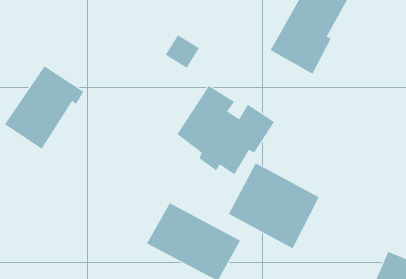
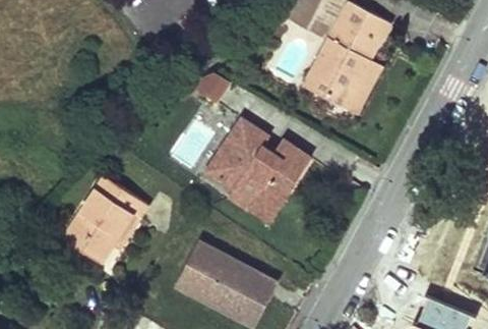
building: [4,66,84,150] -> [63,177,146,265]
building: [228,162,320,249] -> none

